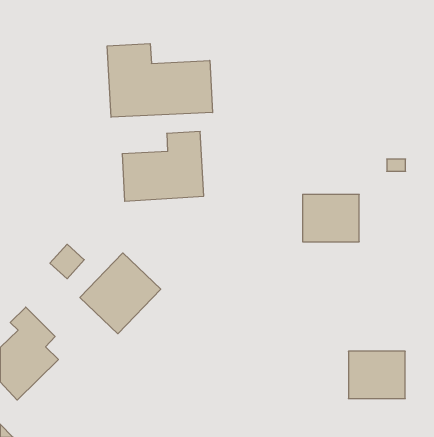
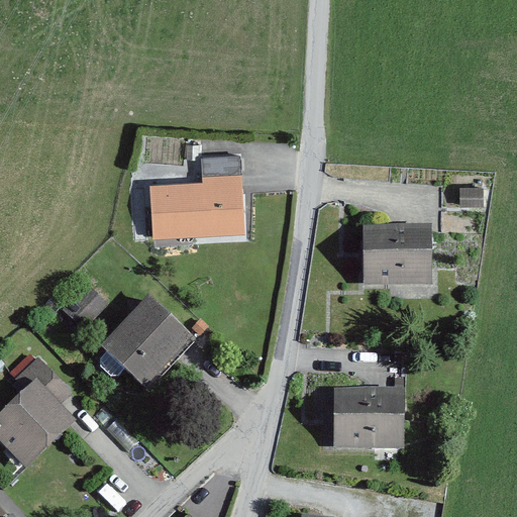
building: [107,44,213,117] -> none
building: [348,351,405,399] -> [332,390,399,445]

